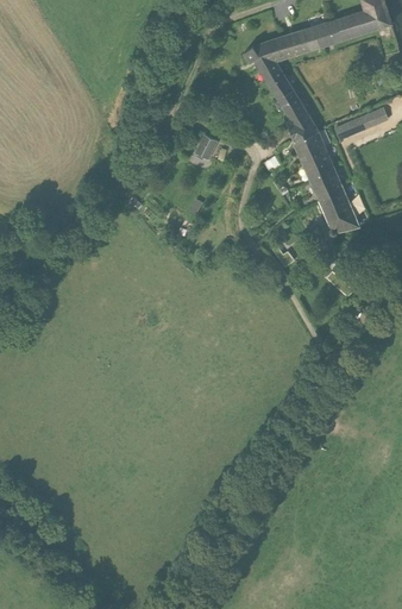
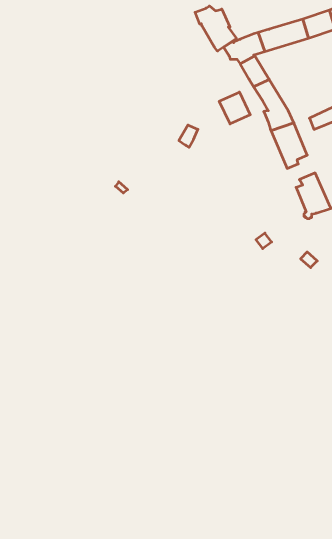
building: none -> [195,6,236,51]
building: none -> [219,92,250,124]
building: [312,169,341,203] -> none

